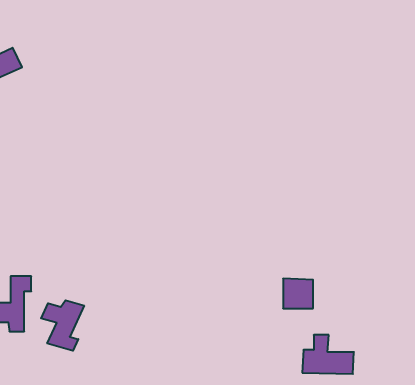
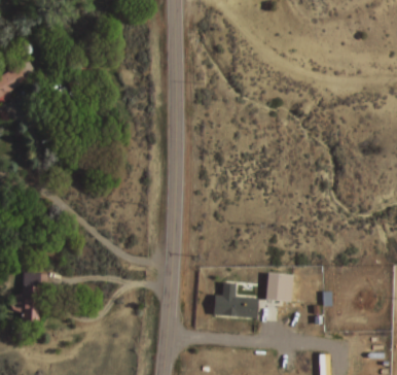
building: [41,300,84,351] -> none
building: [302,335,354,374] -> [214,281,260,316]

